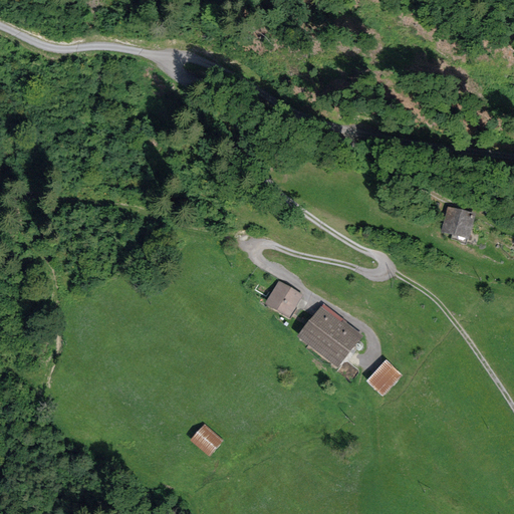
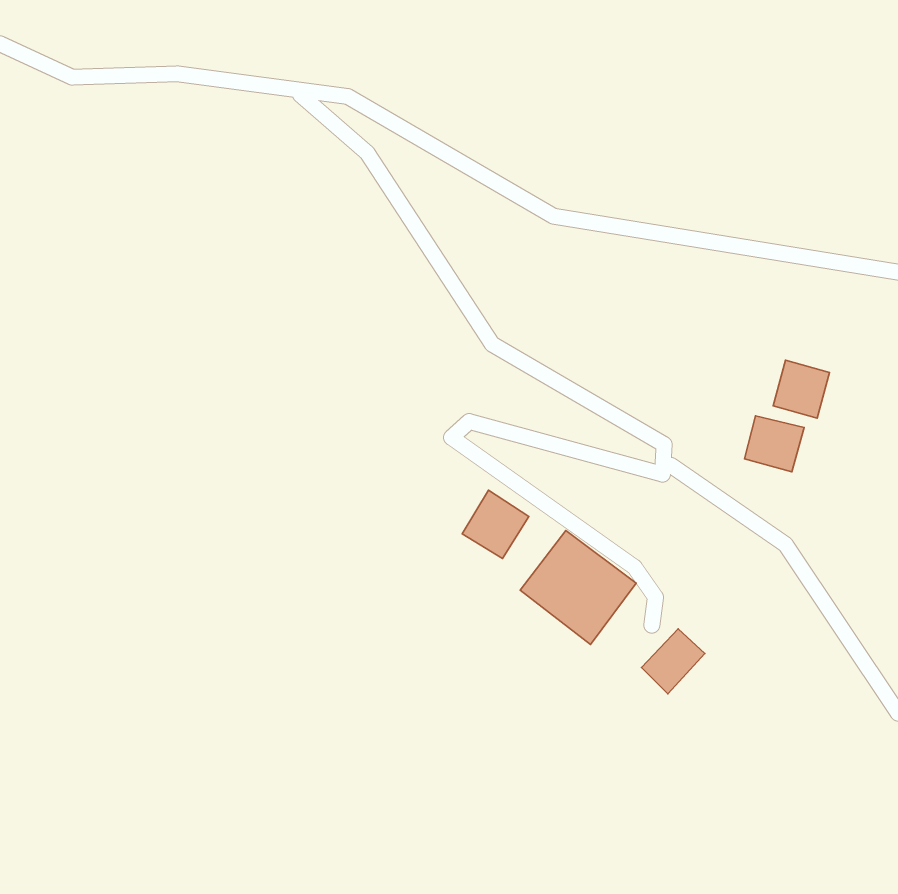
building: none -> [745,416,804,472]
building: [190,422,224,455] -> none

